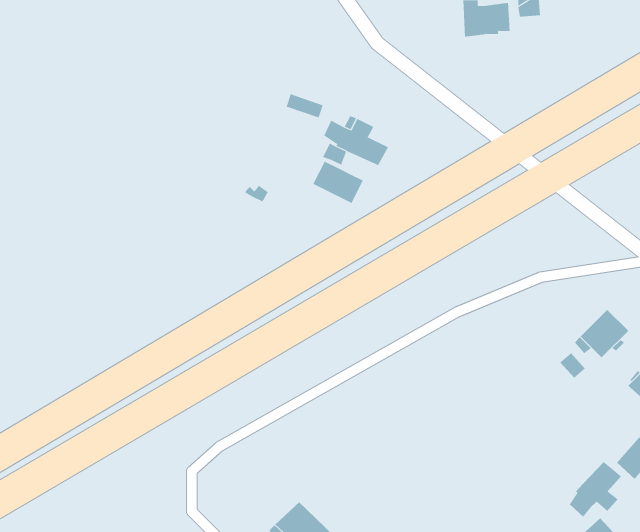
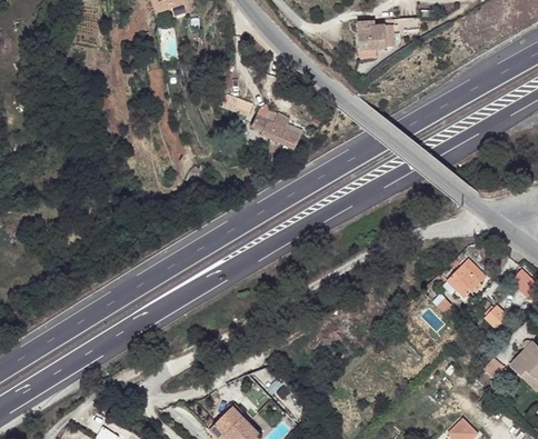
building: [313,161,364,204] -> none
building: [569,461,622,518] -> none

